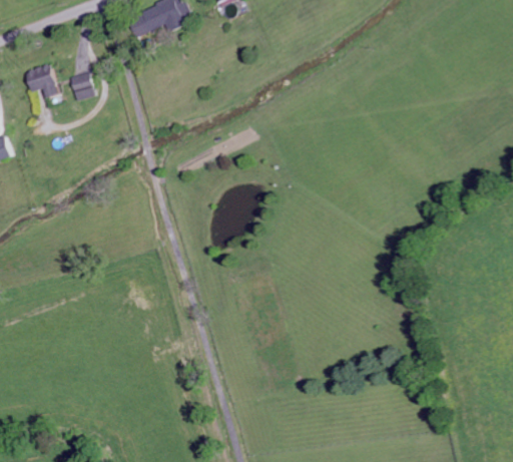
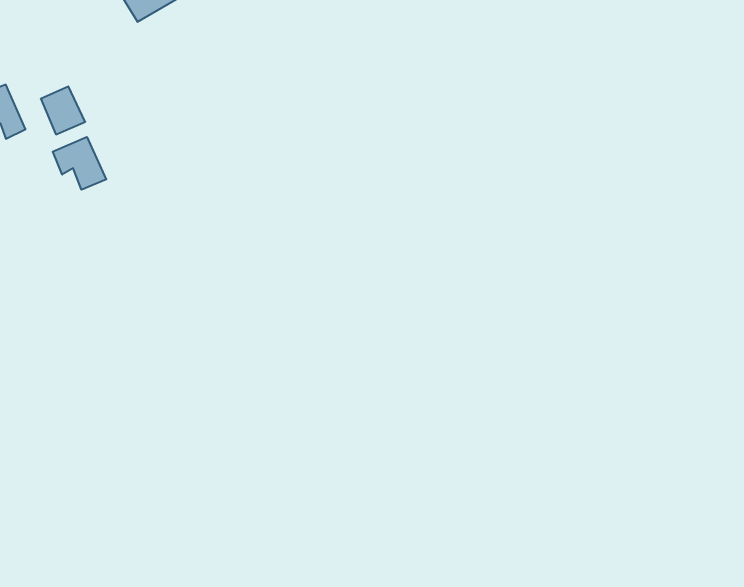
building: none -> [53,137,106,190]

